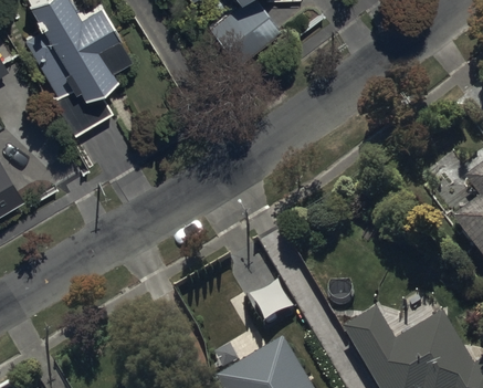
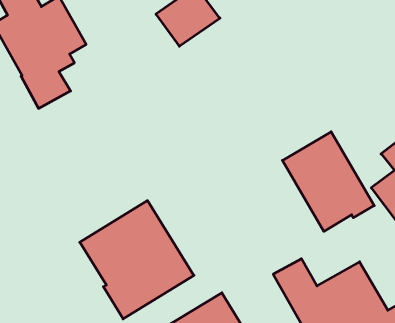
building: none -> [282,132,374,231]
building: none -> [80,201,194,319]

